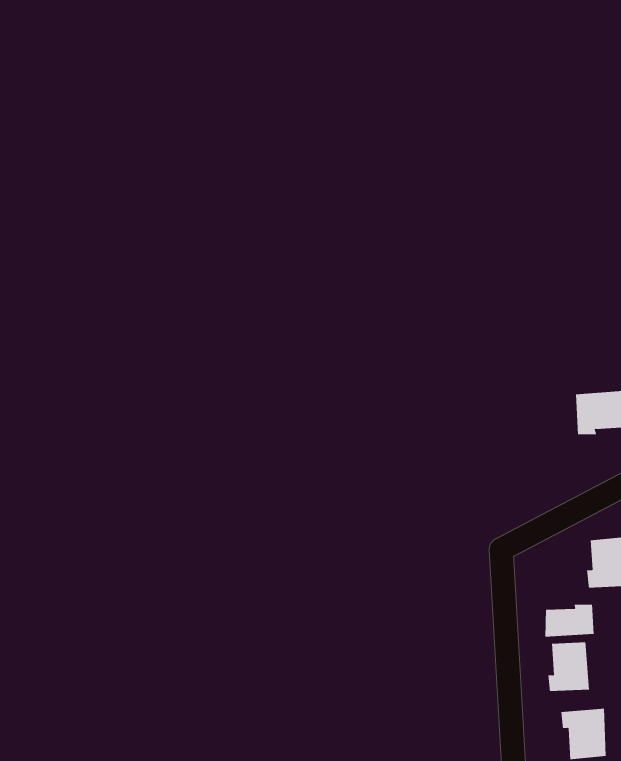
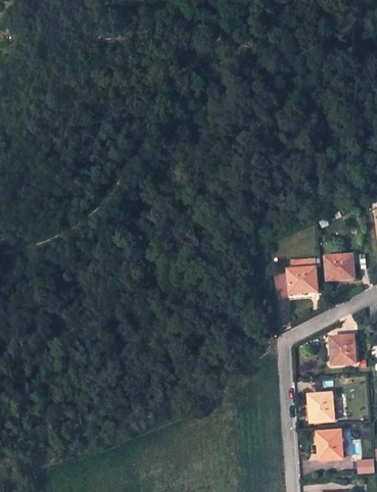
building: none -> [287,258,316,290]
building: [545,604,594,638] -> none

